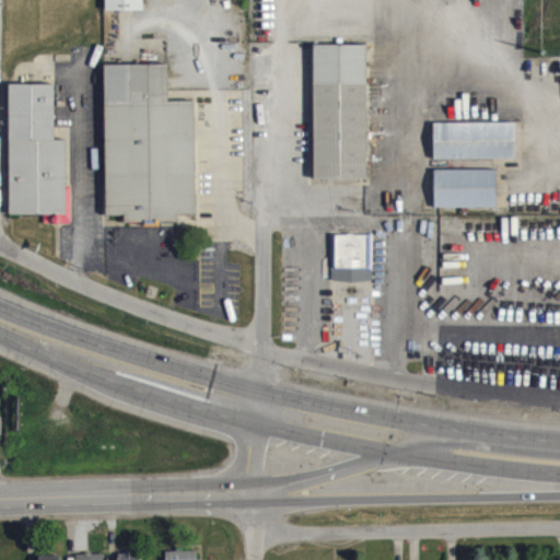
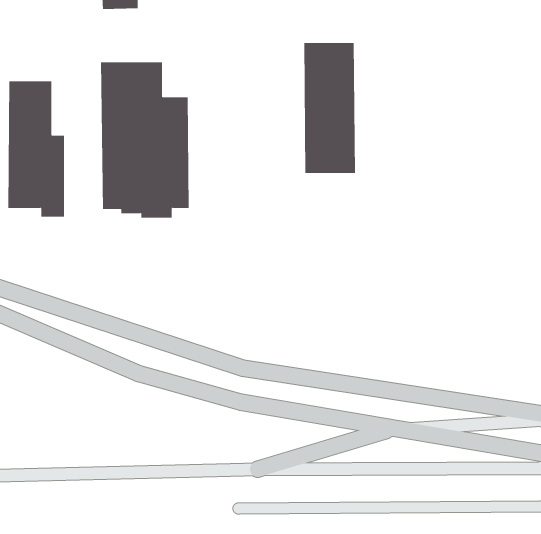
building: [432,121,514,159] -> none
building: [433,168,494,207] -> none
building: [329,233,371,281] -> none

